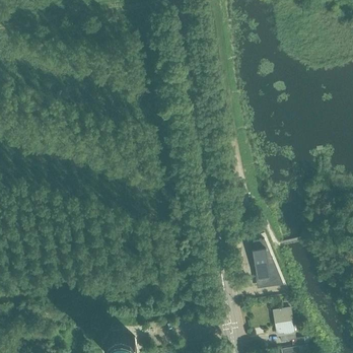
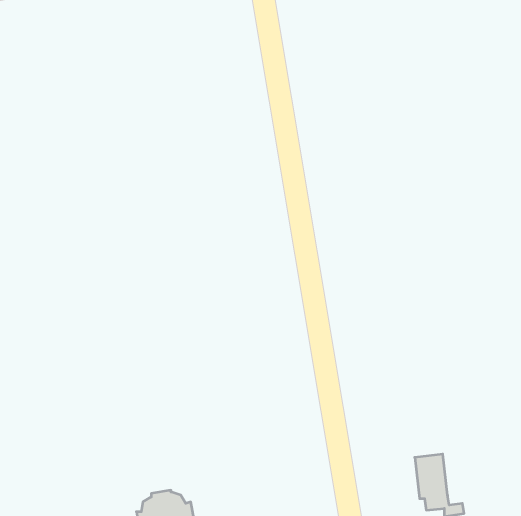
building: [253,241,278,283] -> none

